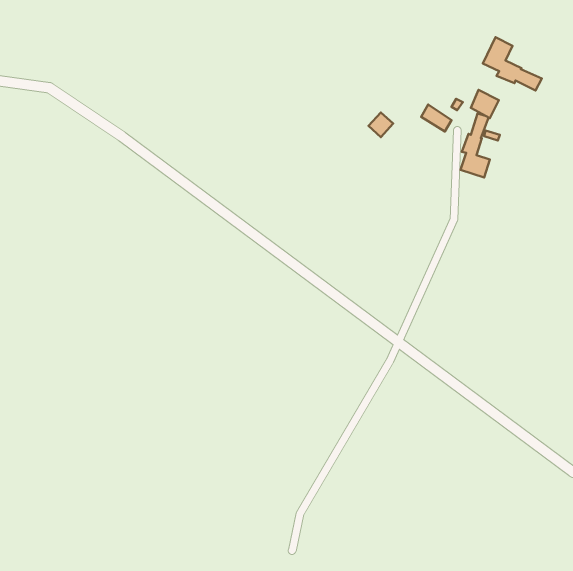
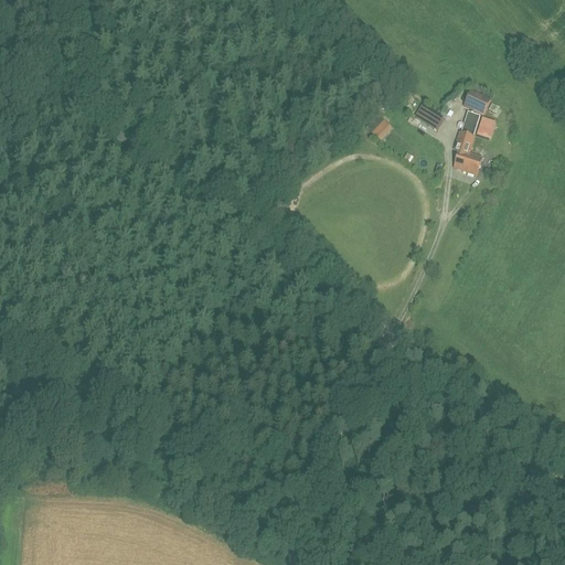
building: [483,37,542,91] -> none

